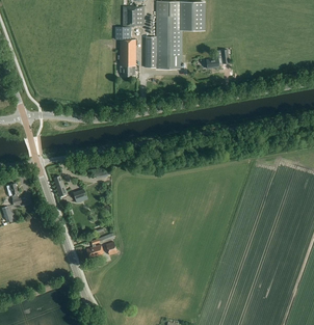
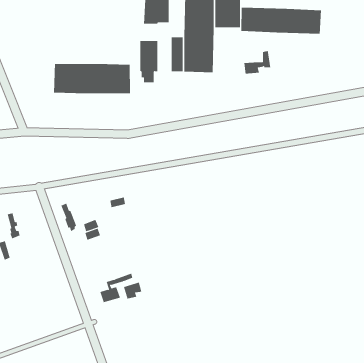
building: none -> [241,7,322,34]
building: none -> [54,63,131,94]

